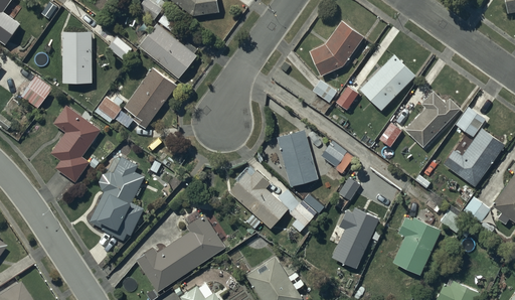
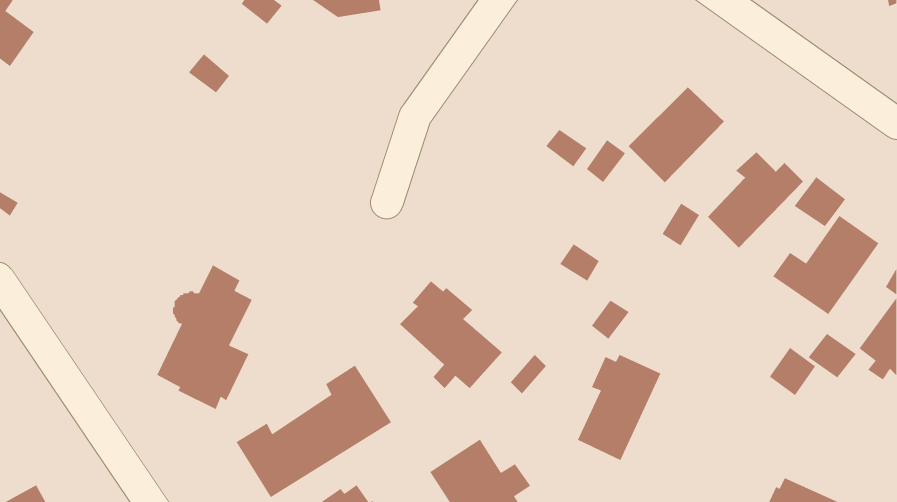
building: [310,21,364,76] -> none
building: [140,24,197,79] -> none
building: [63,32,94,83] -> none
building: [96,67,177,129] -> none
building: [22,73,53,108] -> none
building: [50,105,102,182] -> none
building: [277,130,319,186] -> none
building: [393,216,442,275] -> none

